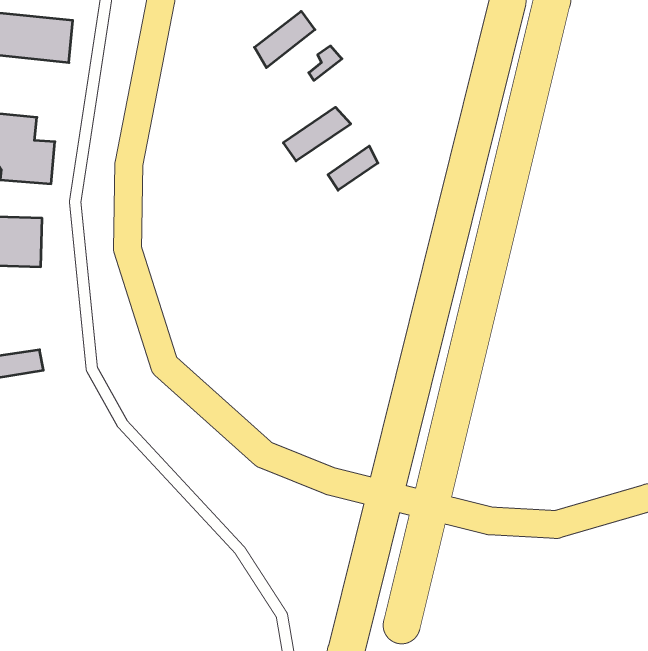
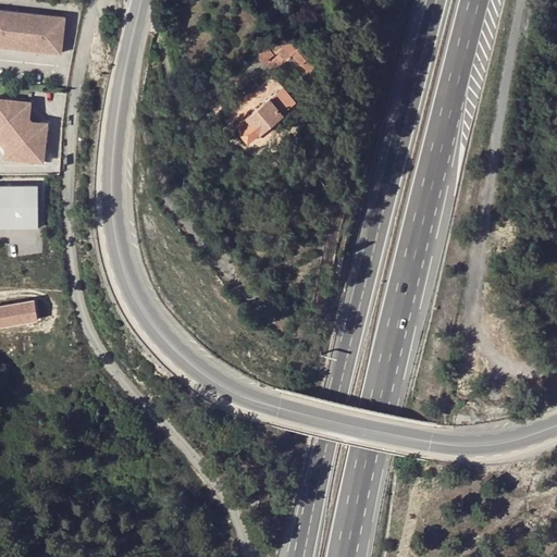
building: [254,11,315,68] -> none
building: [328,146,378,190] -> none

